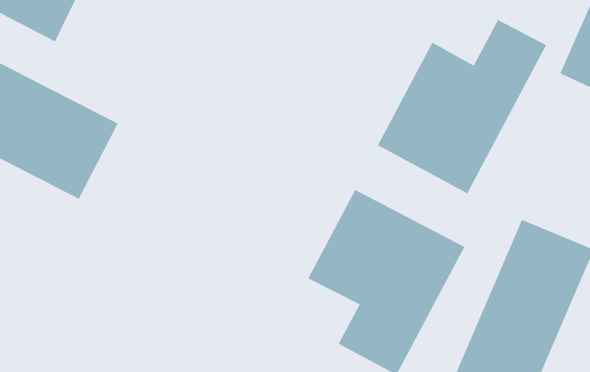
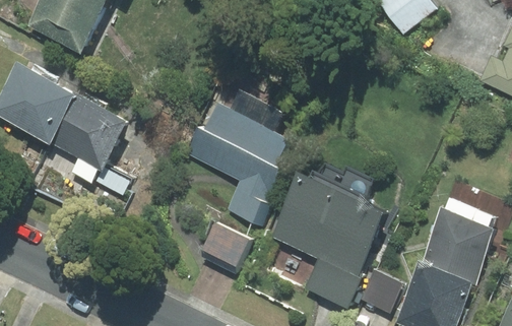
building: [377,19,547,194] -> none
building: none -> [180,99,299,267]

